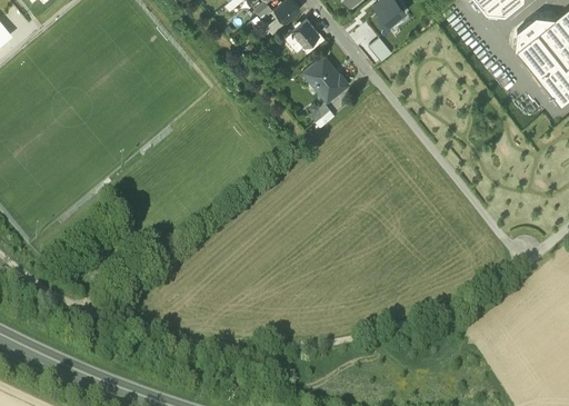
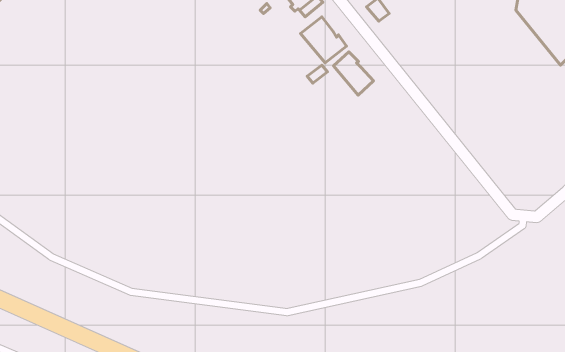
building: none -> [334,52,373,95]

